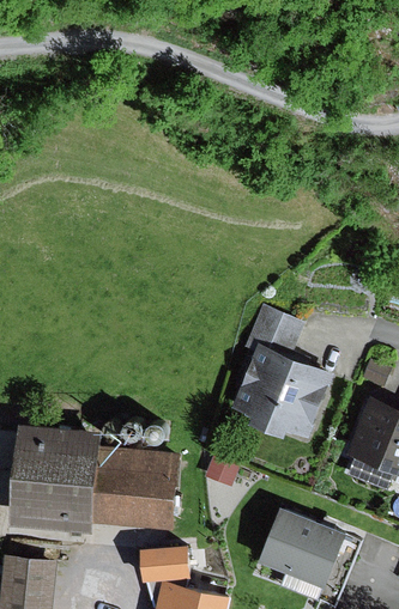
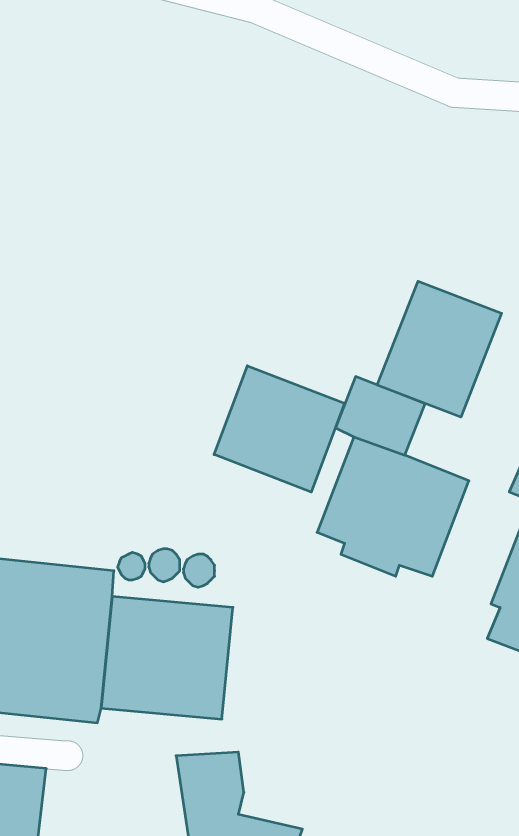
building: none -> [377,281,502,417]
building: none -> [214,366,345,492]
building: [259,506,345,586] -> none

